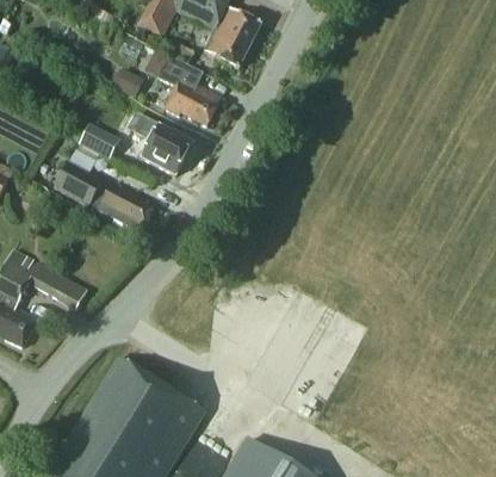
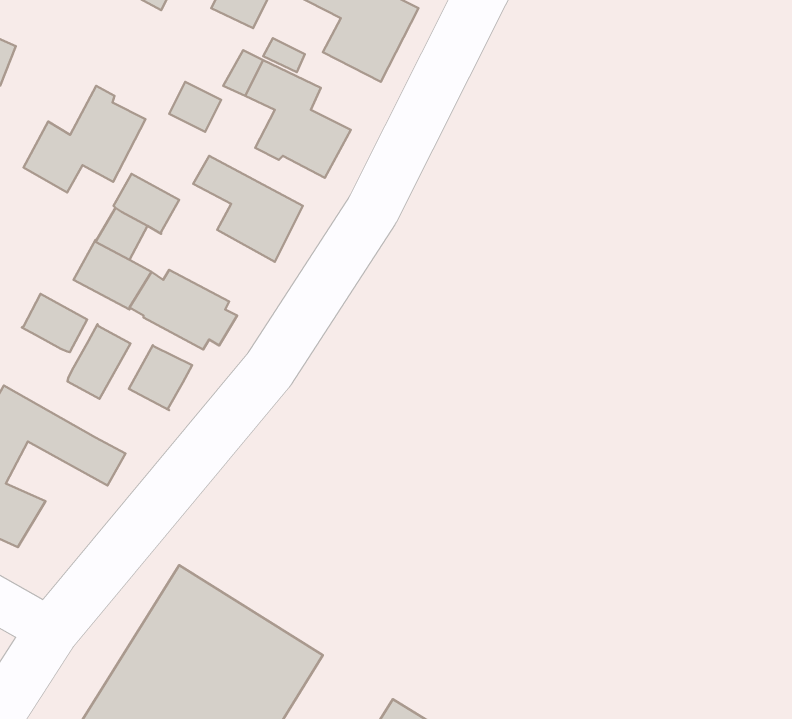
building: none -> [23,86,146,192]
building: none -> [22,294,87,352]
building: none -> [67,324,131,399]
building: none -> [129,345,192,410]

